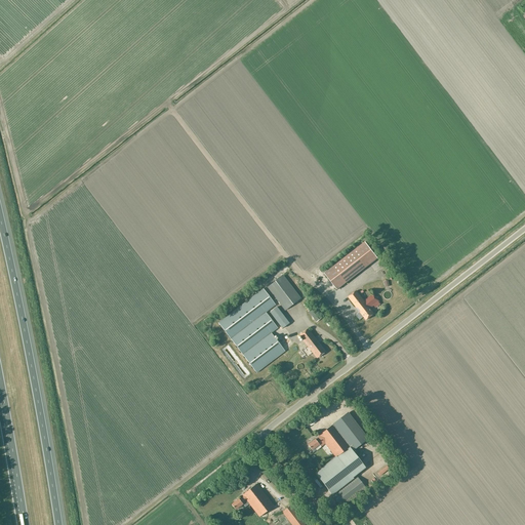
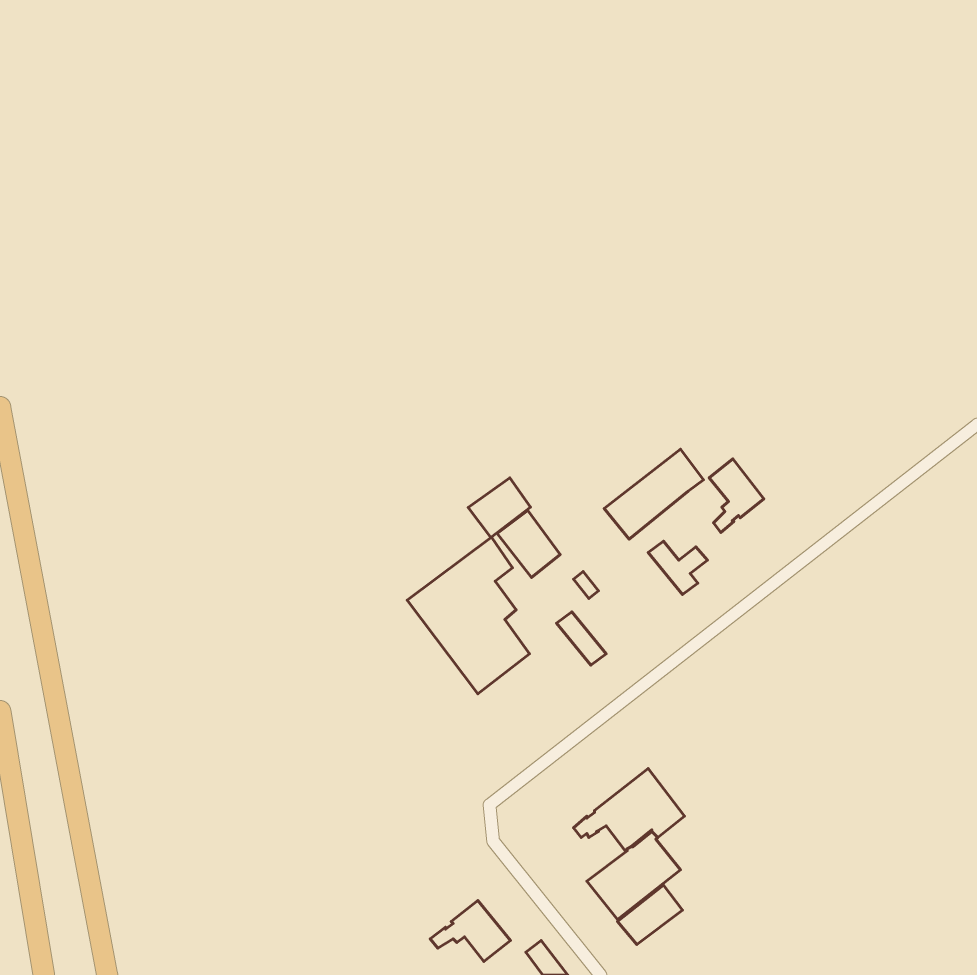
building: none -> [709,459,764,532]
building: none -> [468,478,531,538]

